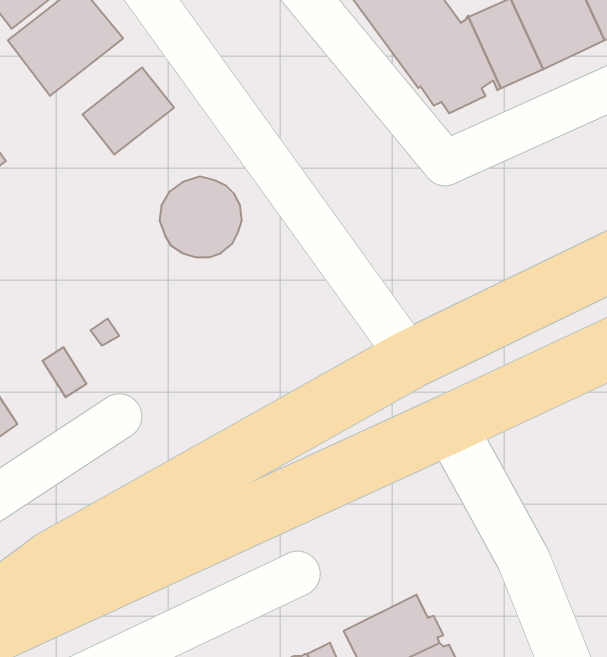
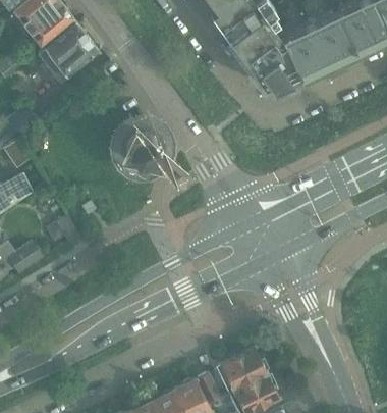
building: [82,67,174,155] -> none

